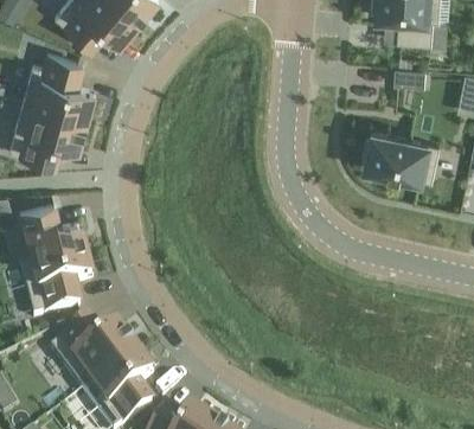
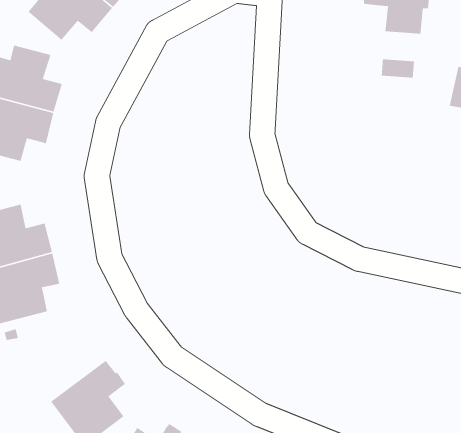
building: [360,128,430,183] -> none
building: [50,320,133,390] -> none

